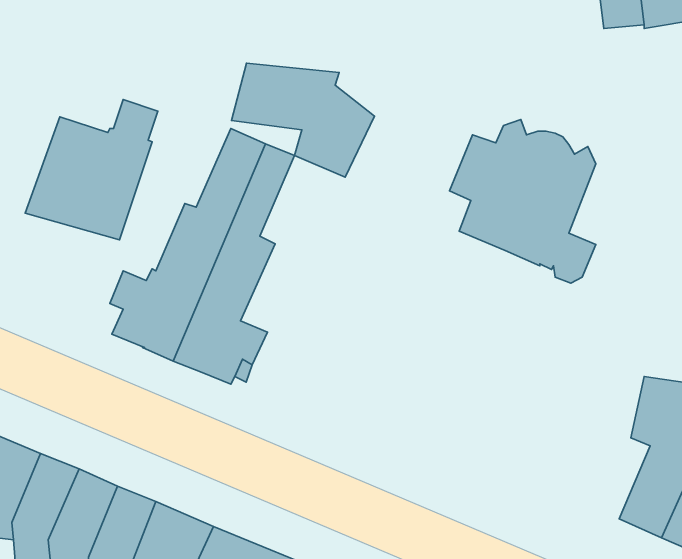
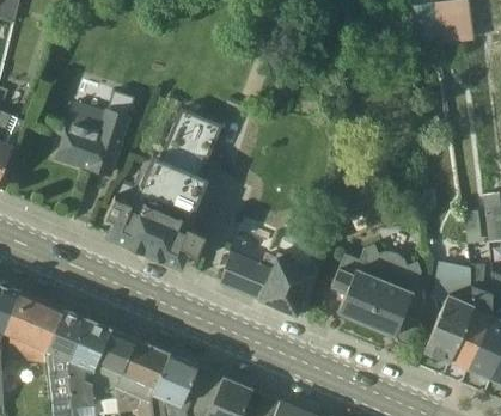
building: [232,63,375,177] -> none
building: [450,120,596,283] -> [330,244,421,345]
building: none -> [219,214,317,318]

